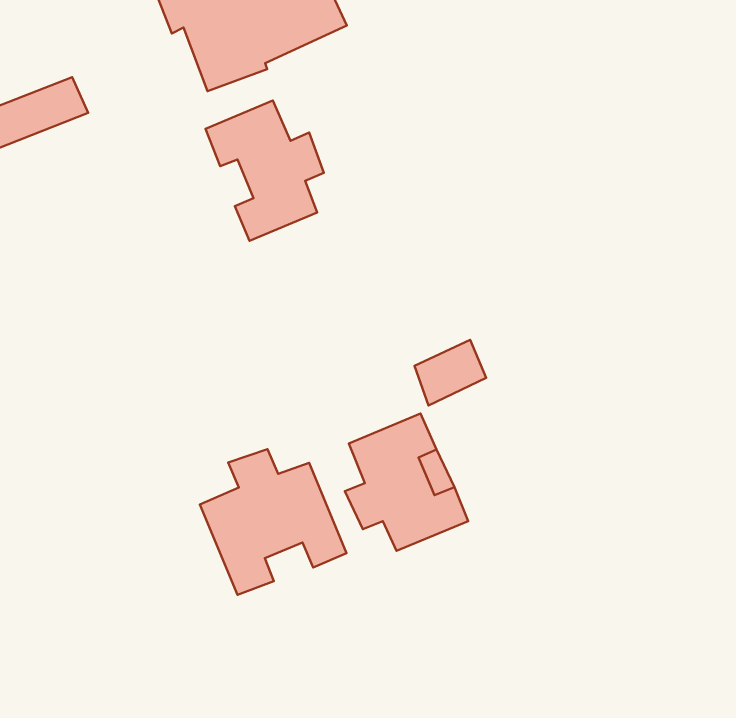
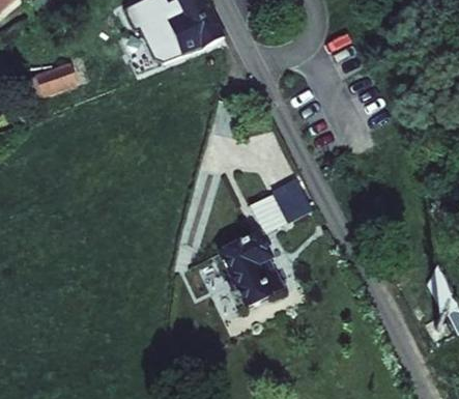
building: [205,101,324,241] -> none
building: [200,449,347,595] -> none

